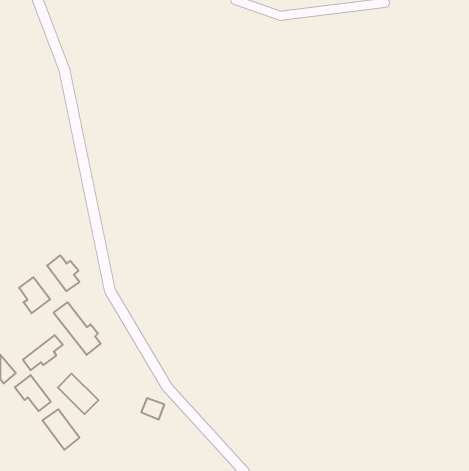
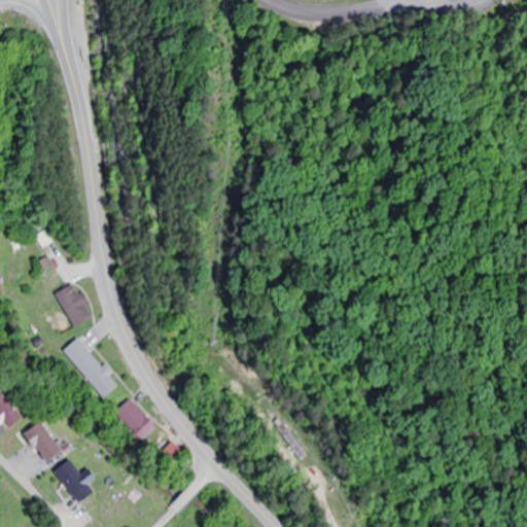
building: [19,277,50,313] -> none
building: [23,335,63,370] -> none
building: [58,374,98,414] -> [113,398,159,444]

